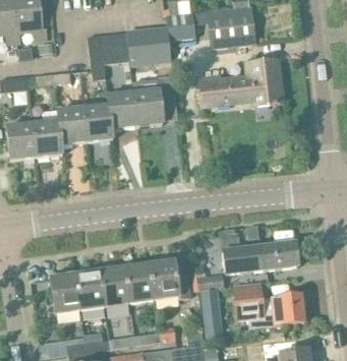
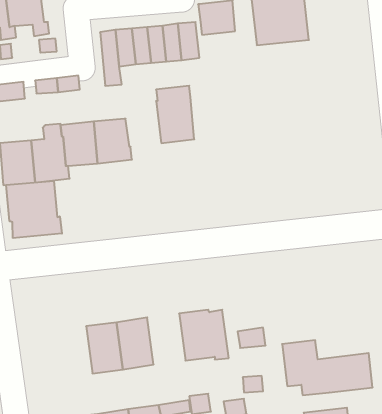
building: [199,59,281,105] -> none
building: [106,92,136,128] -> none
building: none -> [6,181,62,238]
building: [223,240,298,273] -> none
building: [125,261,156,302] -> none
building: [50,272,81,313] -> none

